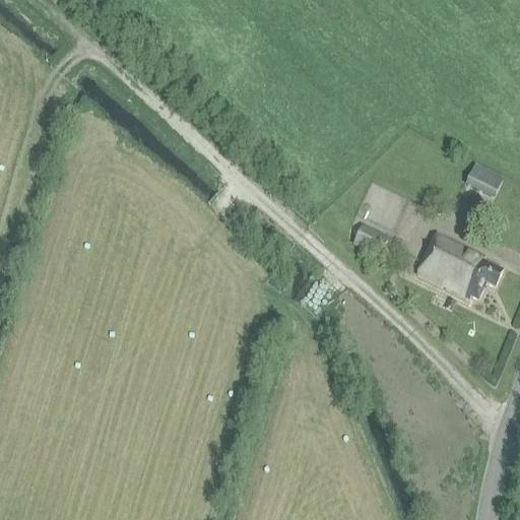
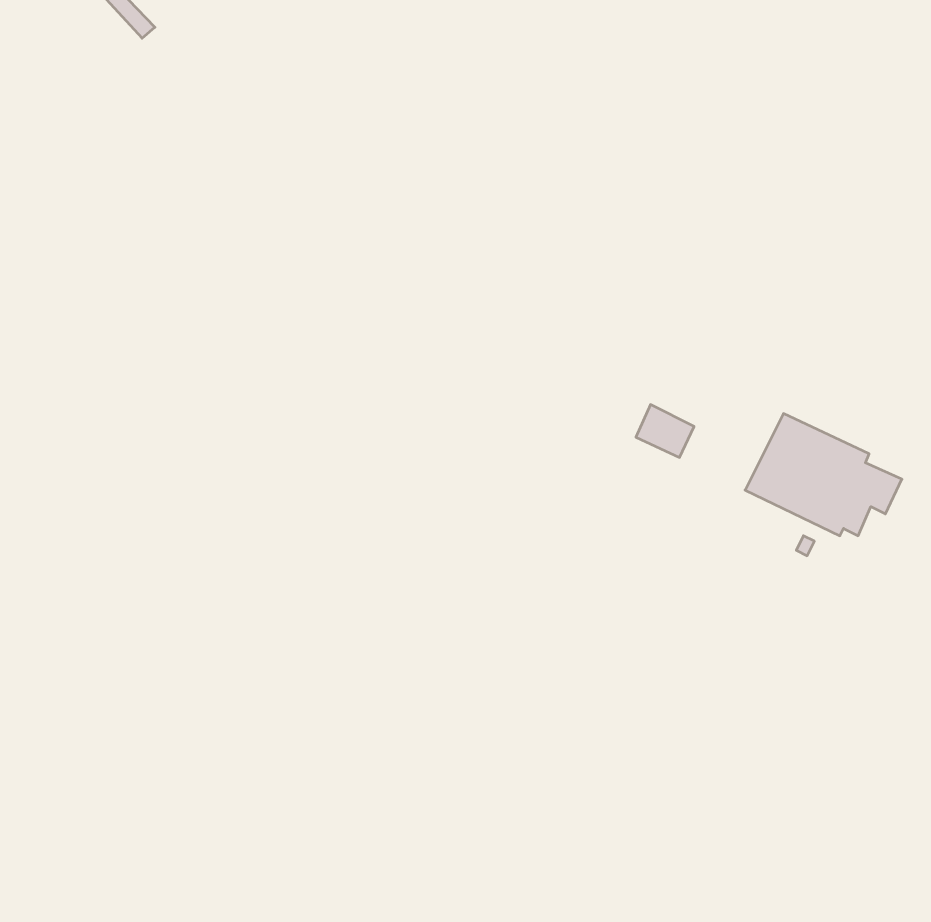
building: [465,164,503,196] -> none

